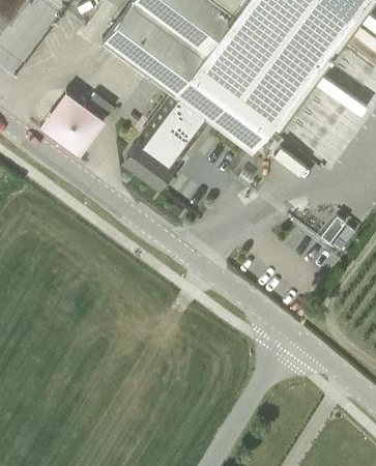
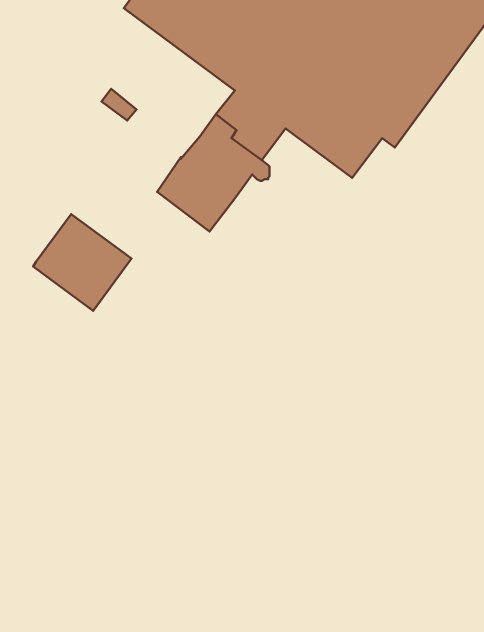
building: [41,90,106,153] -> [33,214,131,311]

